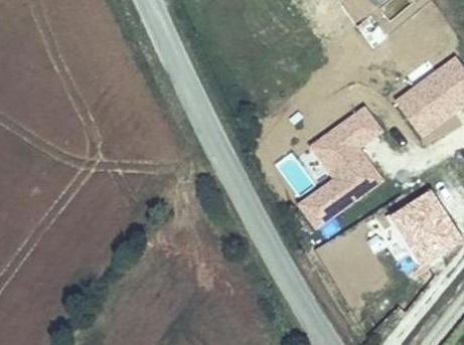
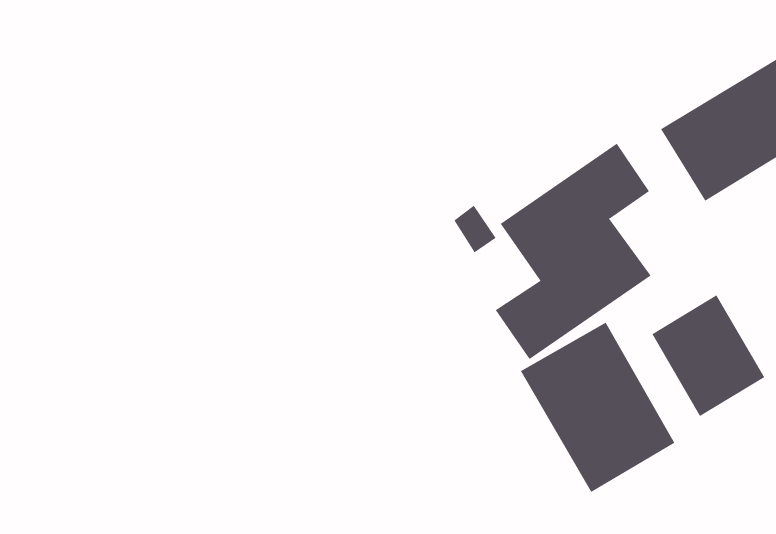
building: none -> [520,322,675,493]

